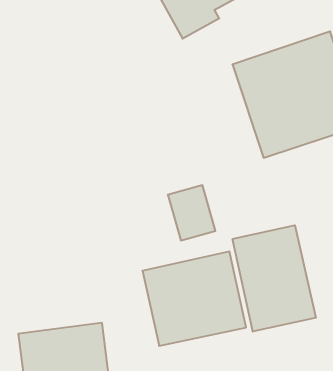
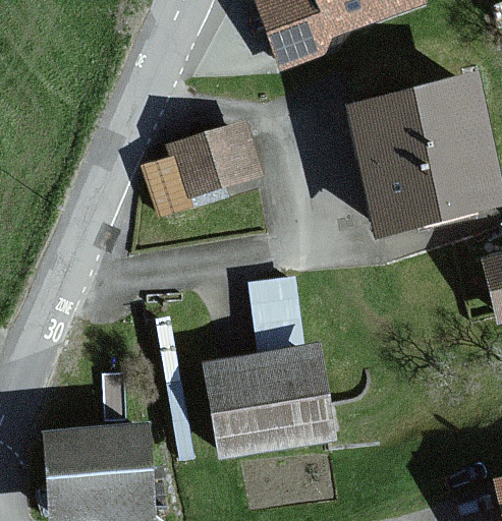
building: none -> [174,122,266,202]
building: [233,225,316,332] -> none

